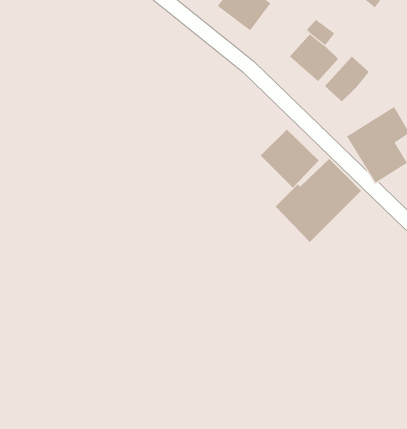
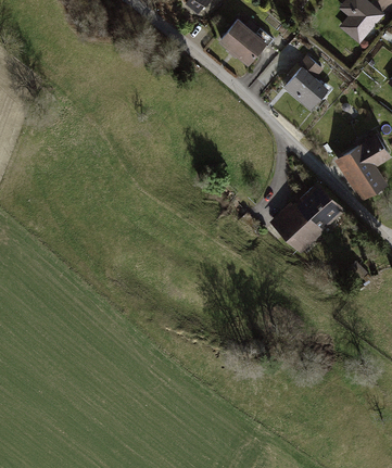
building: [324,56,370,102] -> none
building: [260,129,320,188] -> none

